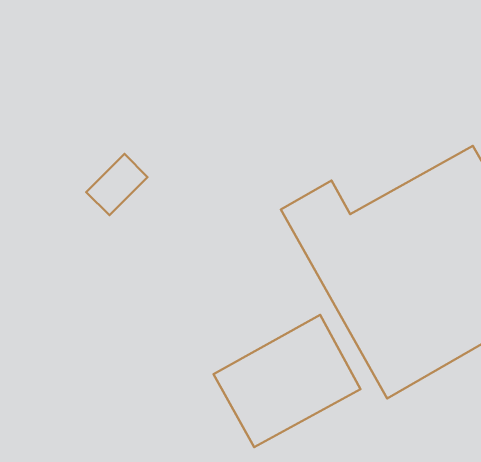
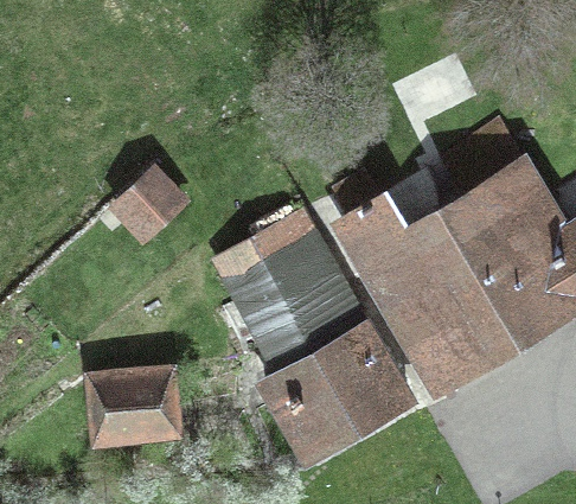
building: none -> [217,222,331,351]
building: none -> [108,365,187,432]

